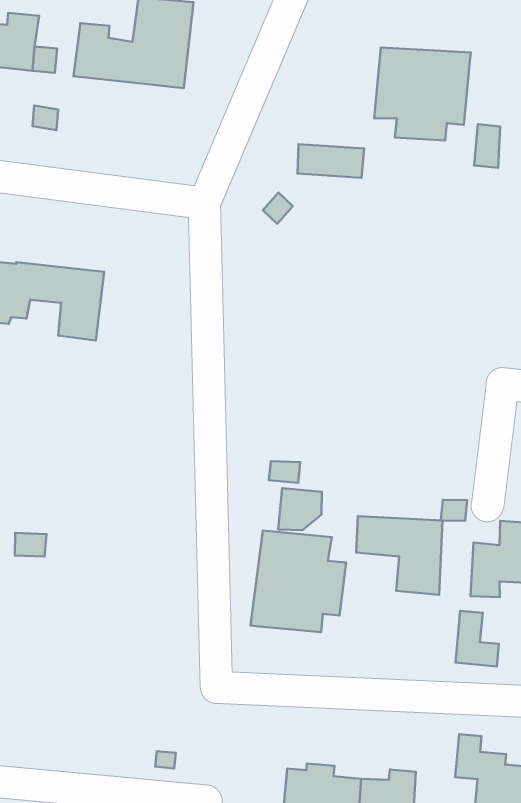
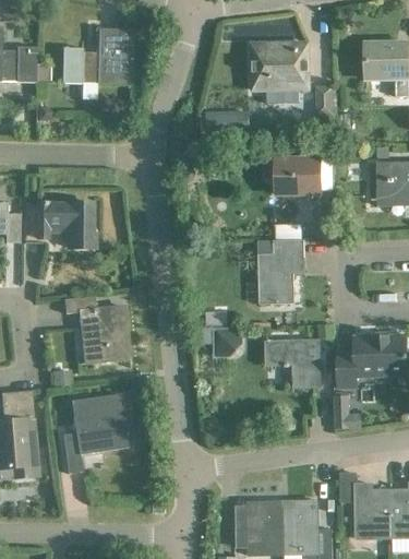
building: none -> [265,159,333,202]
building: none -> [257,240,304,305]
building: none -> [62,296,128,361]
building: [251,531,346,632] -> none
building: none -> [61,394,127,473]

